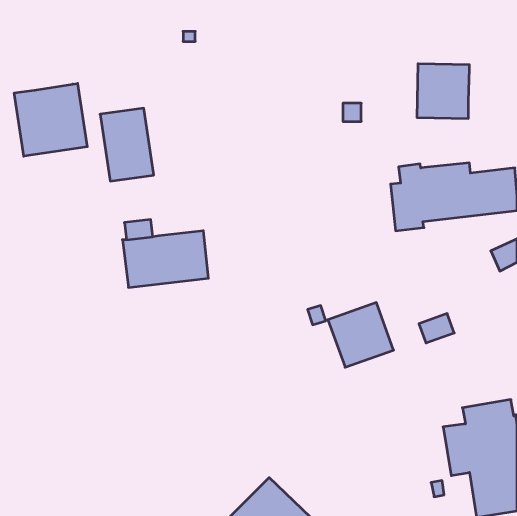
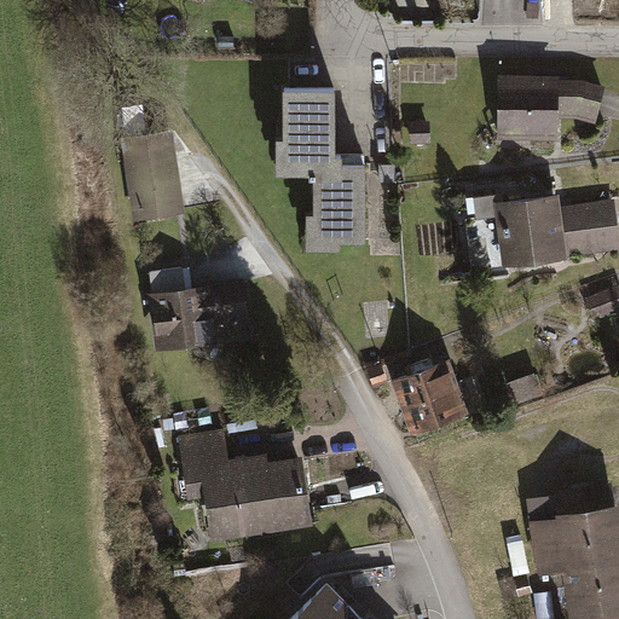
building: none -> [560,83,606,126]
building: none -> [276,89,369,259]
building: [14,83,87,156] -> none
building: none -> [177,427,311,536]

